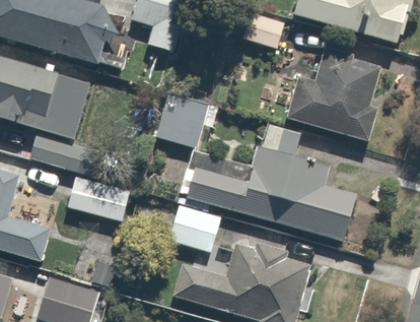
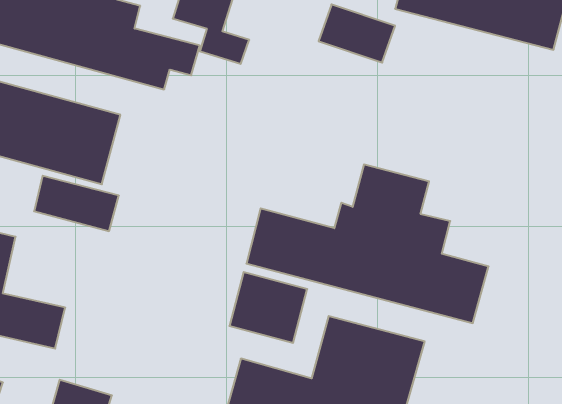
building: [284,48,377,143] -> none
building: [157,94,210,147] -> none
building: [66,179,133,219] -> none

